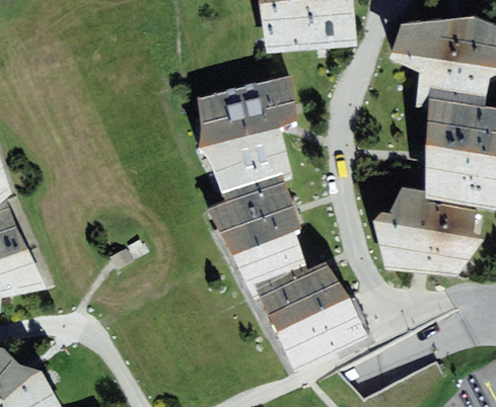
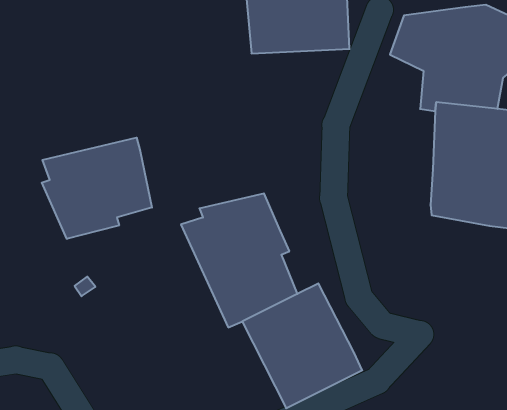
building: [199,78,298,192] -> none
building: none -> [42,138,152,239]
building: [372,186,483,277] -> none

